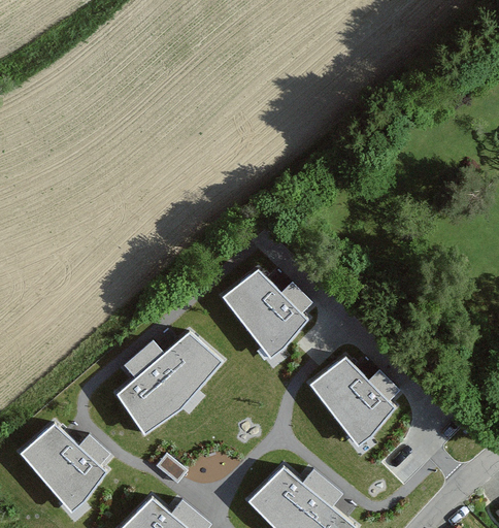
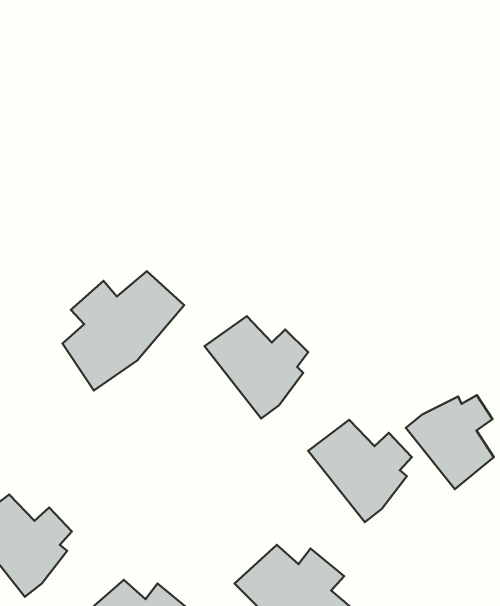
building: [117,333,221,435] -> [63,271,184,391]
building: none -> [406,395,494,489]

